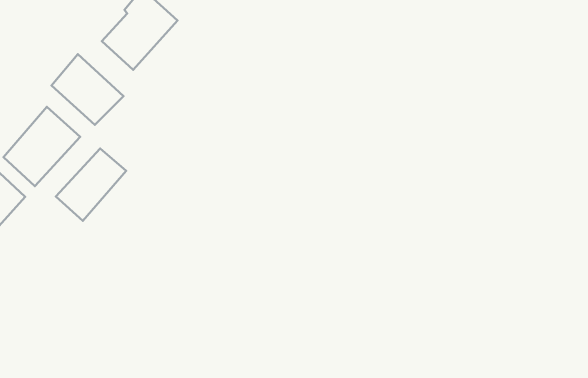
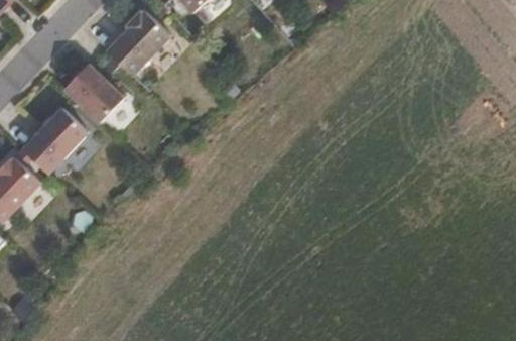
building: [56,149,126,221] -> none

